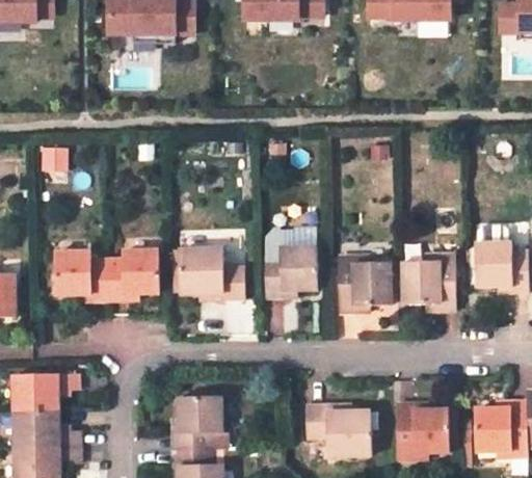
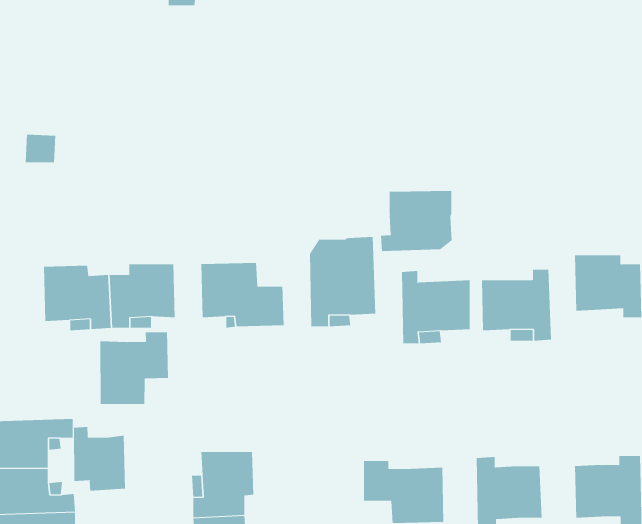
building: none -> [381,190,452,252]
building: none -> [100,331,169,405]
building: none -> [73,426,126,491]

